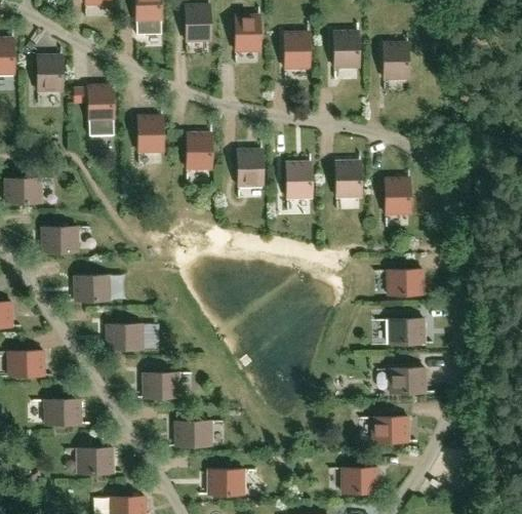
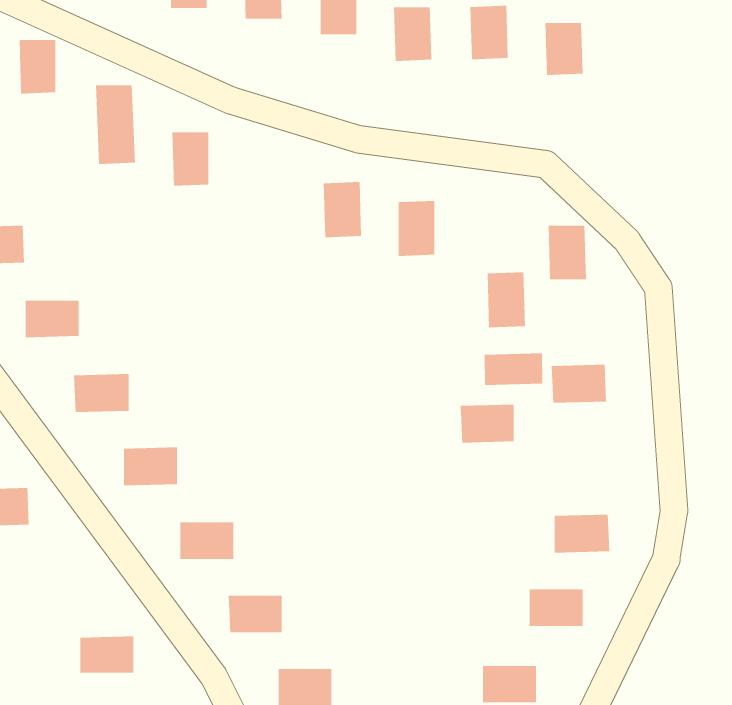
building: [187,133,211,168] -> none
building: [335,160,361,197] -> [487,272,526,328]
building: none -> [484,353,543,386]
building: [388,318,424,344] -> [460,404,515,443]
building: [44,398,80,424] -> none

